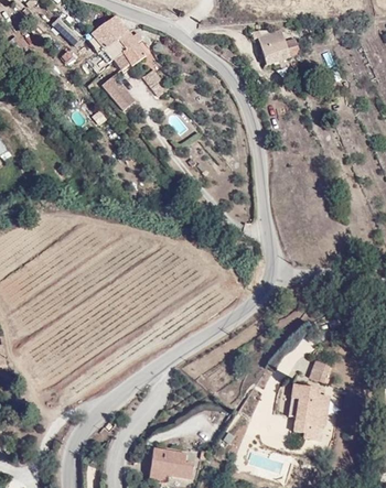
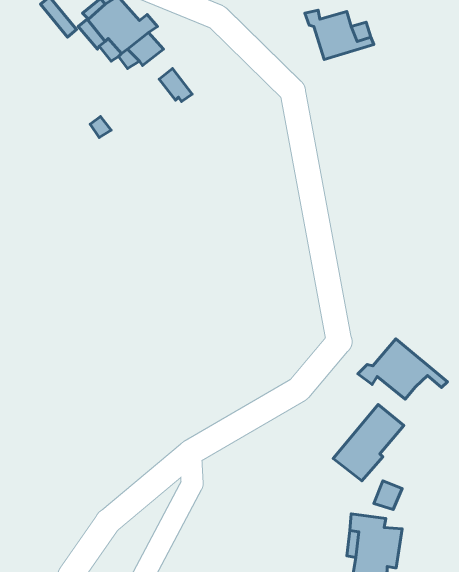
building: [100,74,133,110] -> none
building: none -> [358,339,447,399]

